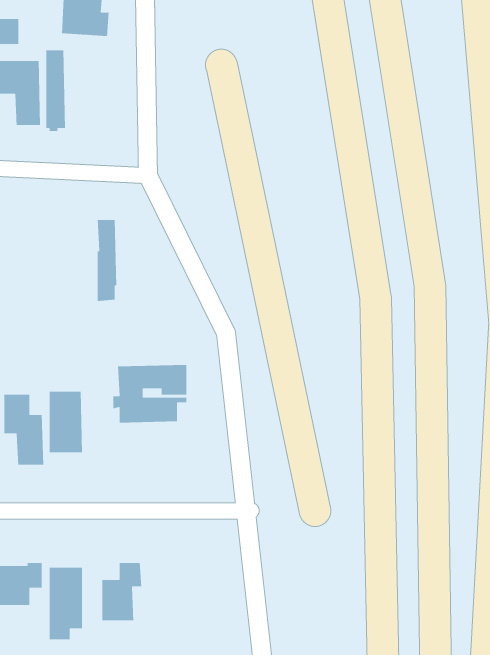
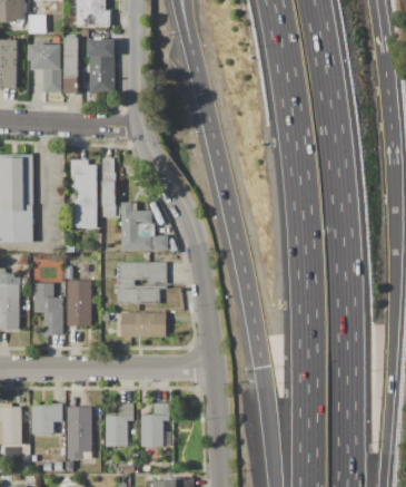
building: none -> [87,39,115,94]
building: none -> [69,159,97,228]
building: none -> [120,202,167,251]
building: none -> [120,313,166,337]
building: none -> [140,403,169,446]

